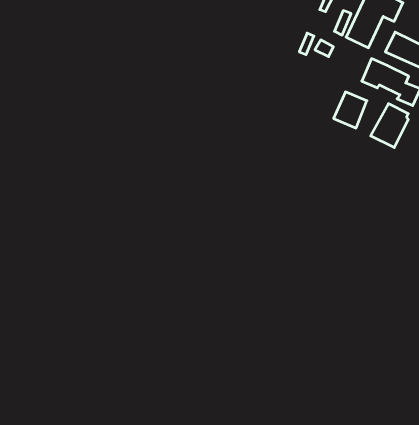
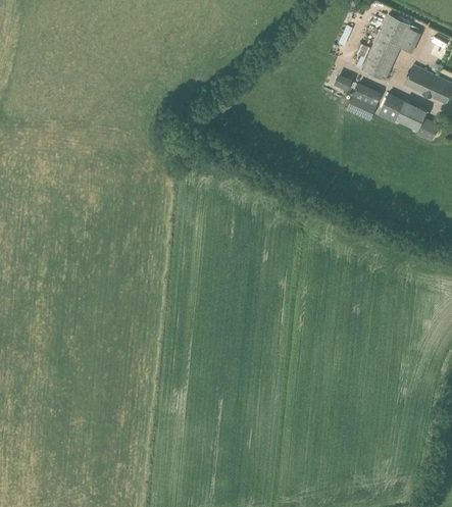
building: [334,92,367,128] -> [347,83,382,120]
building: [371,104,408,148] -> none

